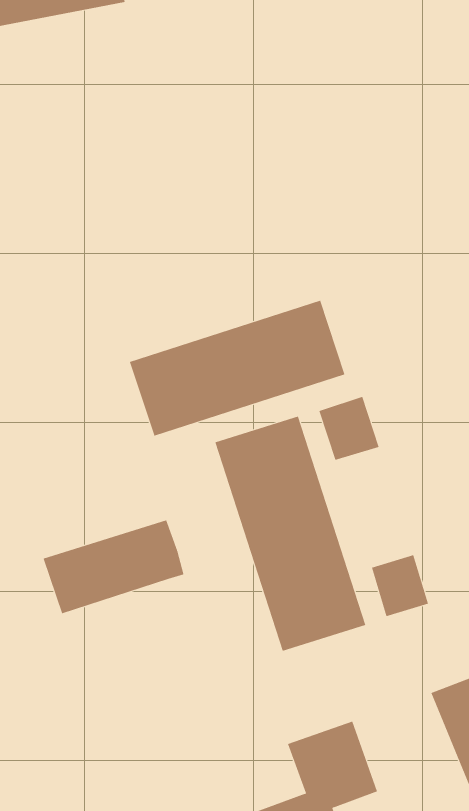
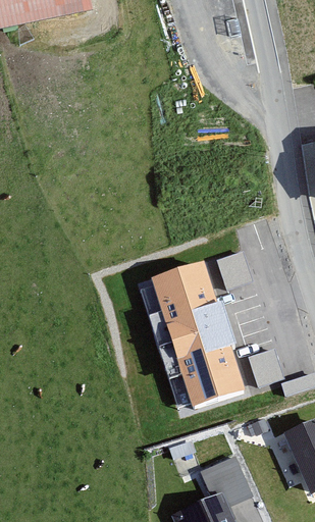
building: [129,300,345,436] -> none
building: [43,520,184,614] -> none

